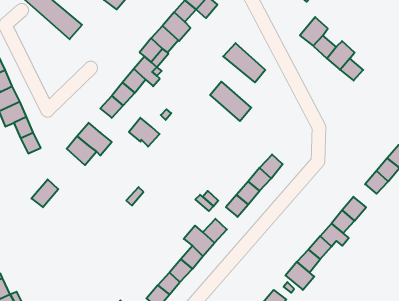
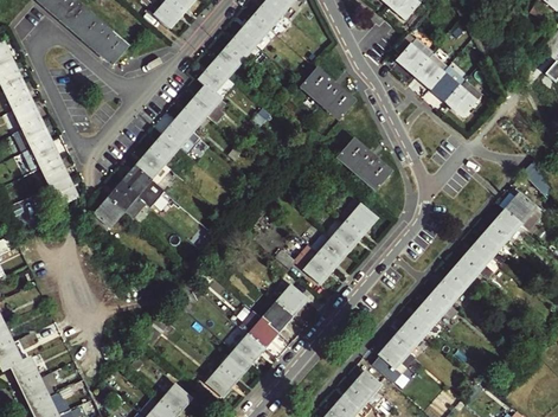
building: [210,82,251,121] -> [339,139,390,187]
building: [129,118,160,147] -> [135,148,173,184]
building: [31,179,58,207] -> [88,198,121,232]
building: none -> [462,242,495,278]

